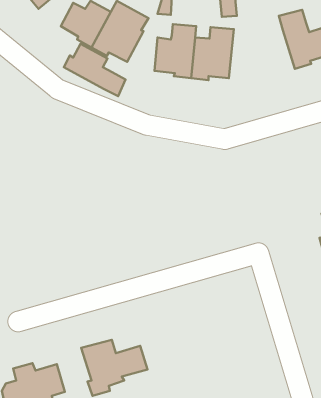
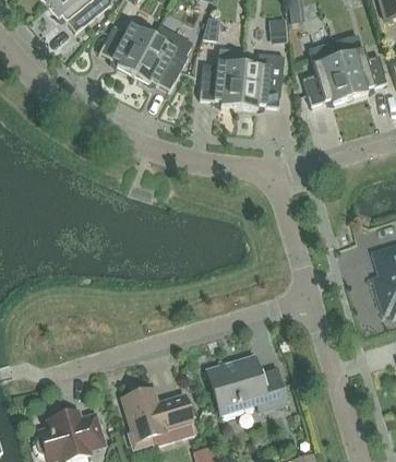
building: none -> [302,40,350,105]
building: [64,44,126,96] -> none
building: none -> [208,357,287,418]

